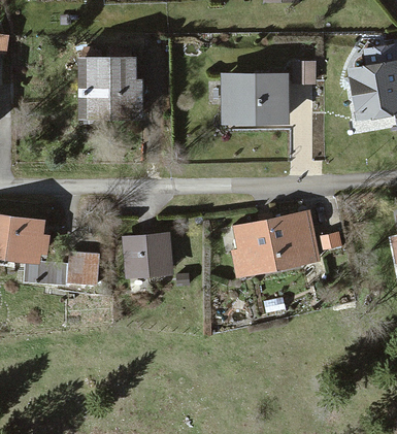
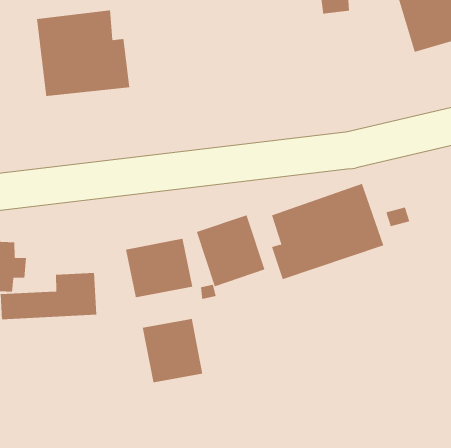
building: [222,74,288,123] -> none
building: none -> [196,214,265,287]
building: none -> [142,318,203,383]

